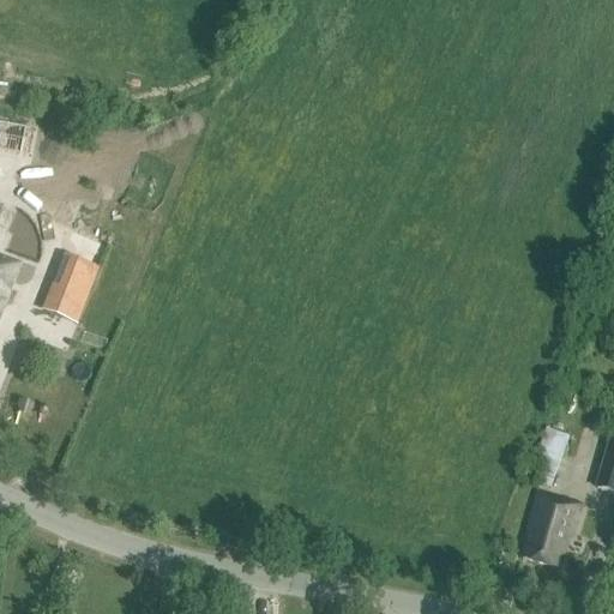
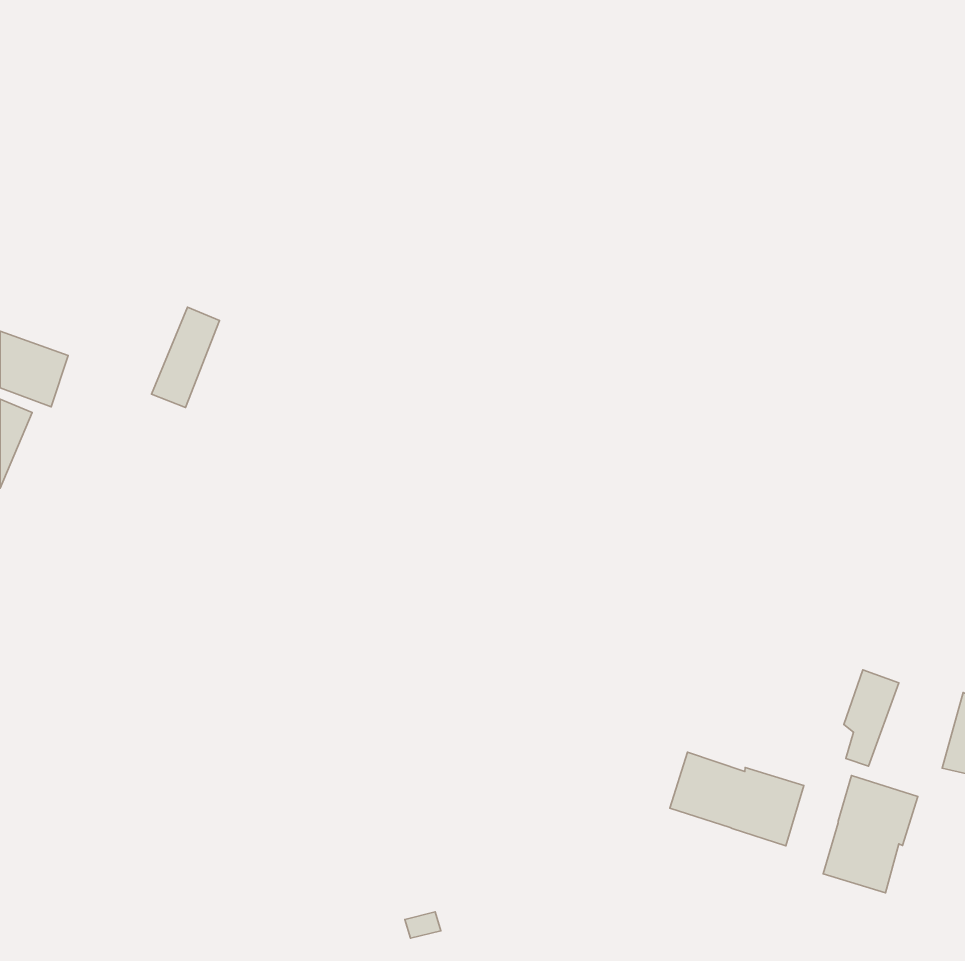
building: [41,252,84,315] -> [151,307,220,408]
building: none -> [670,752,804,846]

